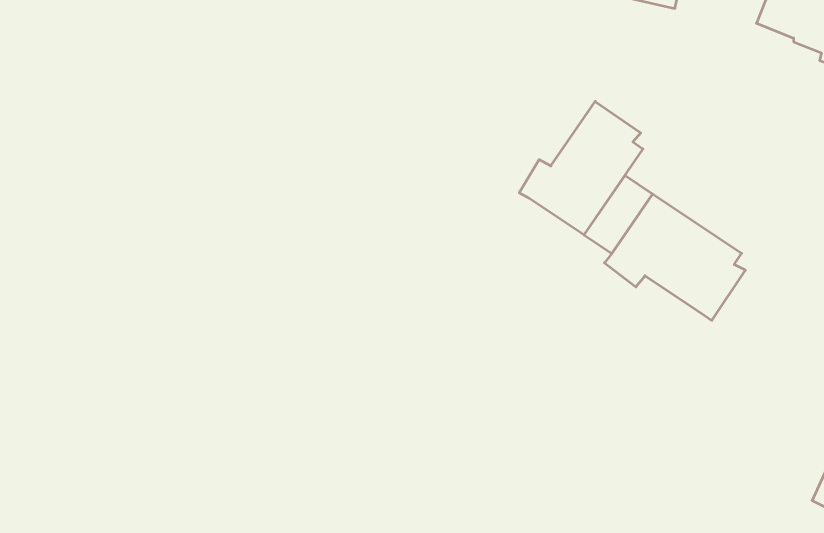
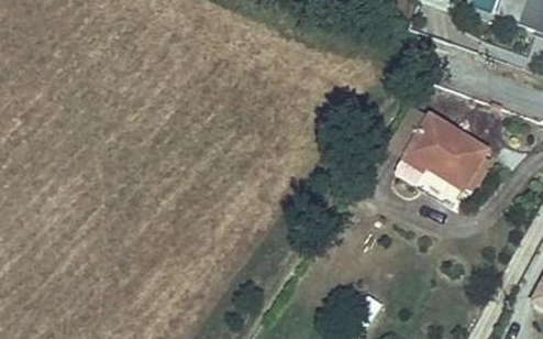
building: [519,101,643,235] -> none

